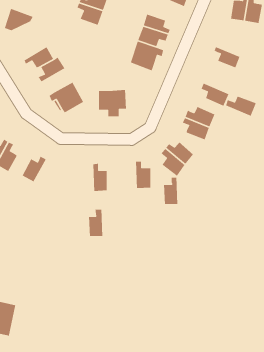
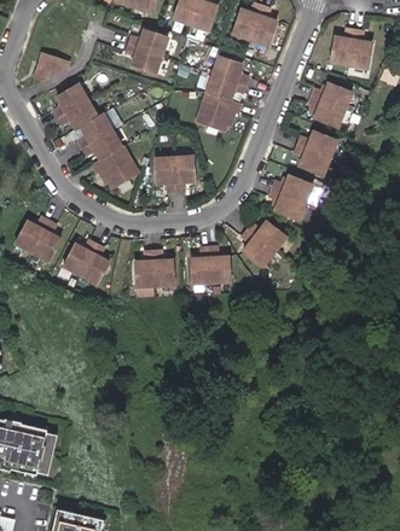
building: none -> [58,83,93,117]
building: none -> [312,84,352,112]
building: none -> [86,128,127,158]
building: [225,95,257,117] -> [296,133,337,161]
building: none -> [76,245,105,285]
building: [163,177,178,205] -> [190,247,209,284]
building: [88,209,103,237] -> [134,251,153,287]

